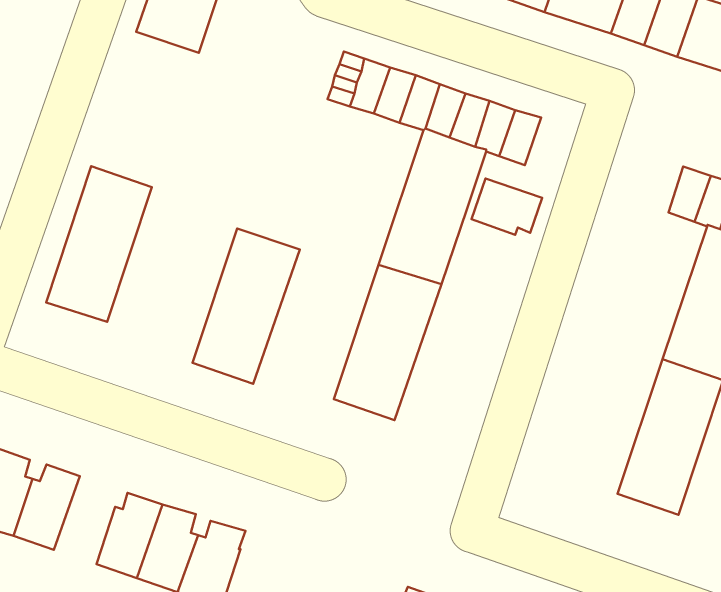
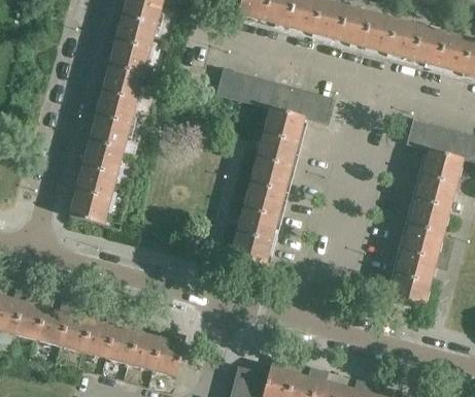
building: [471,179,542,235] -> none
building: [192,228,300,384] -> [89,65,143,150]
building: none -> [82,310,114,358]

